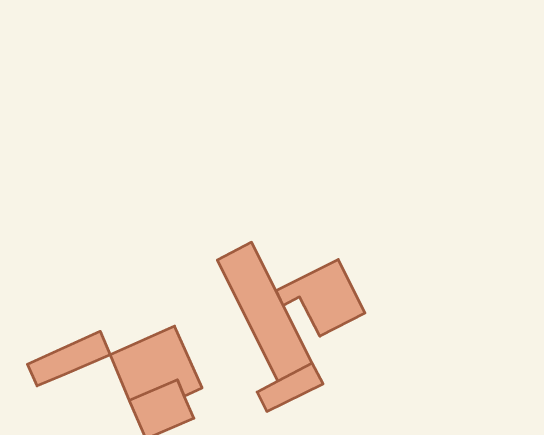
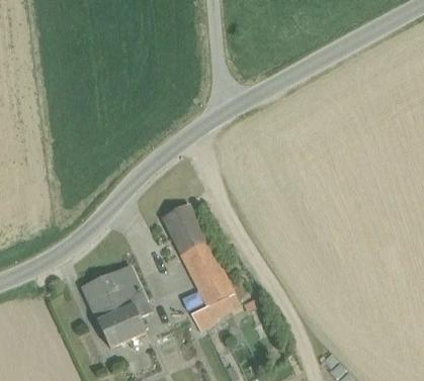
building: [276,259,365,336] -> none
building: [27,331,110,386] -> none

